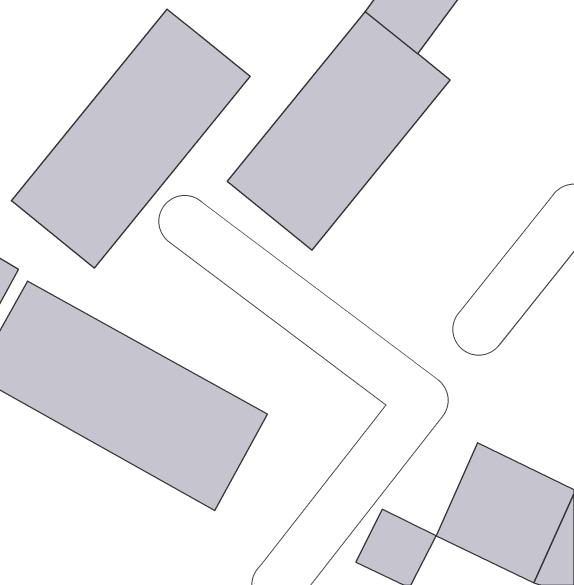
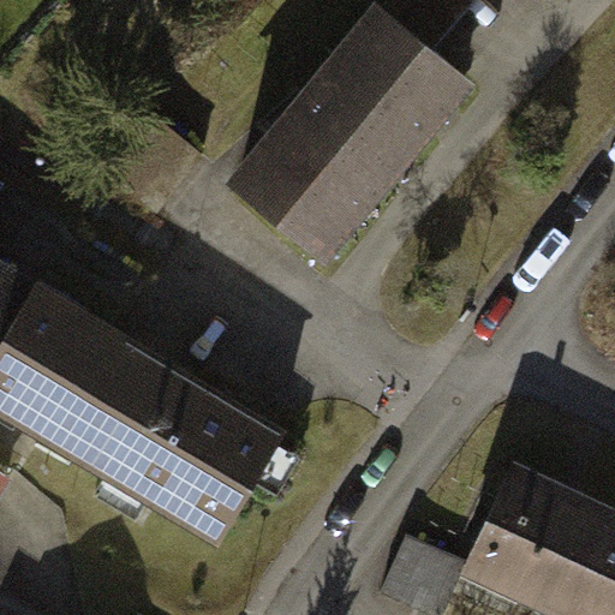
building: [11,9,250,268] -> none

